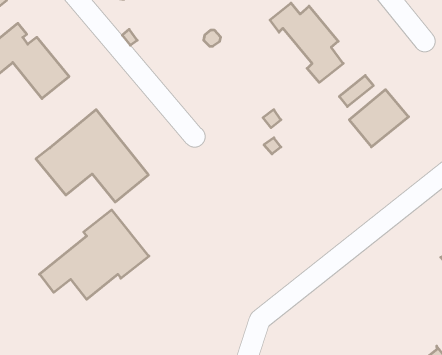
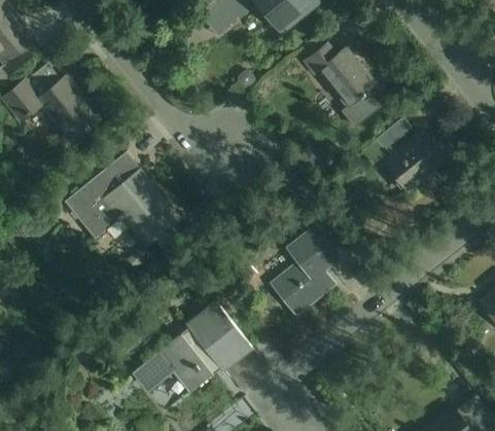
building: none -> [273,220,348,314]
building: [39,210,149,299] -> [139,301,251,393]

